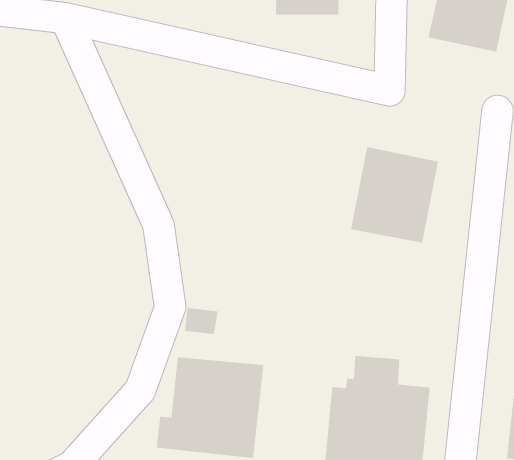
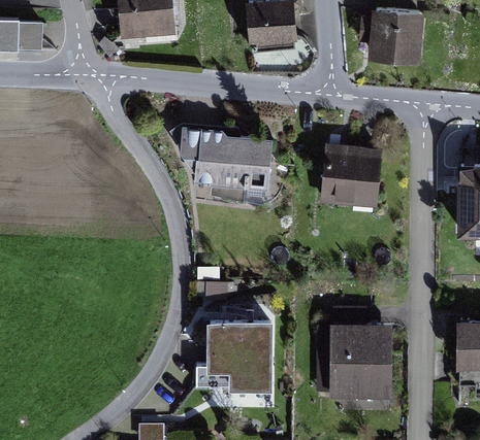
building: none -> [181,125,276,189]

